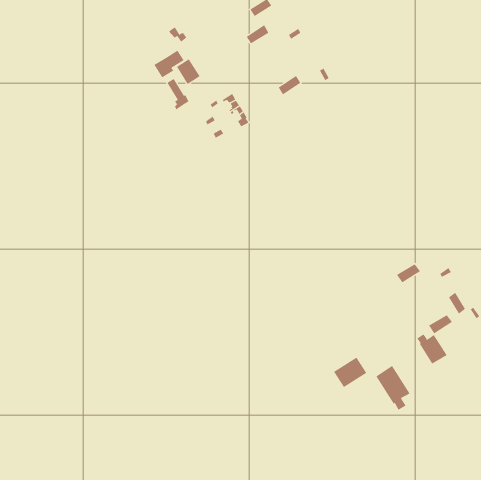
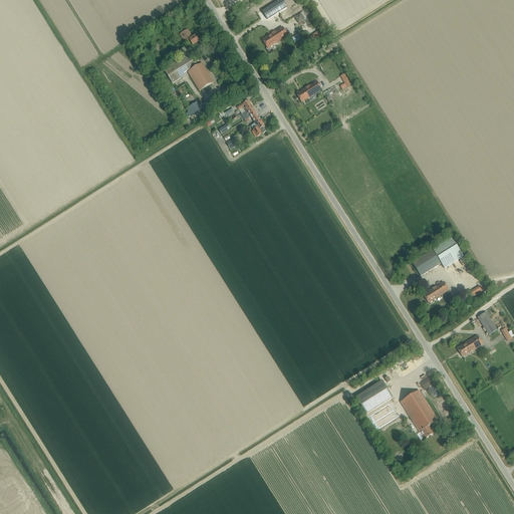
building: none -> [413,237,463,275]
building: [417,333,447,365] -> none

